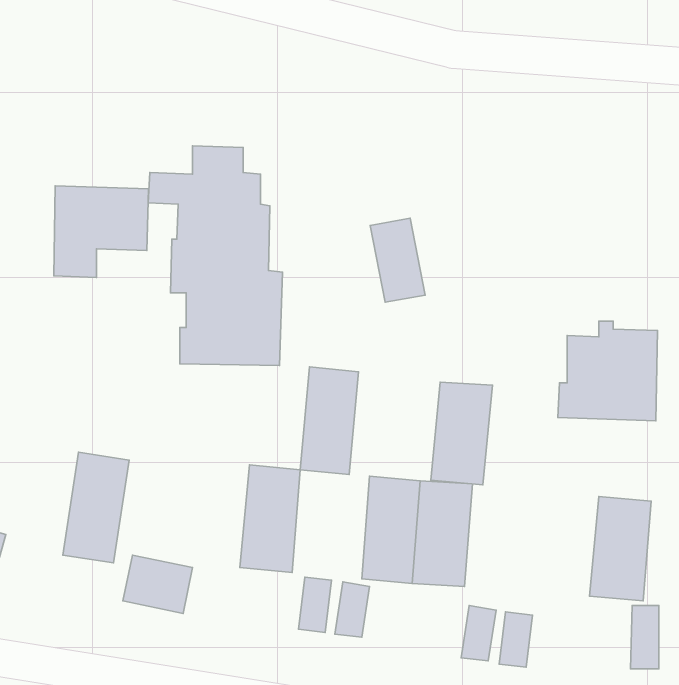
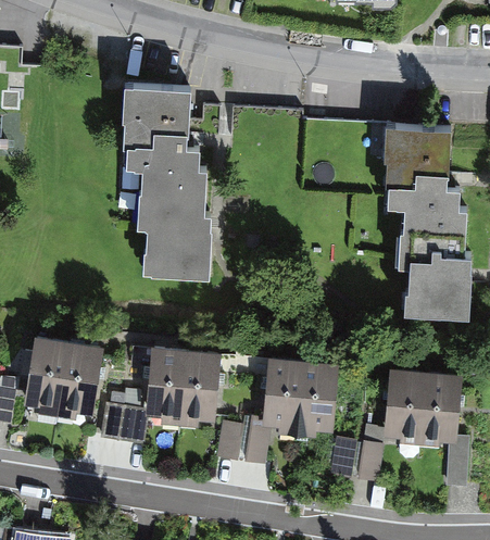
building: none -> [387,130,468,269]
building: [54,186,149,277] -> [118,85,184,148]
building: [370,218,425,302] -> none
building: [300,367,359,474] -> [147,344,187,418]
building: [431,382,492,485] -> [385,367,427,438]
building: none -> [24,334,70,410]

